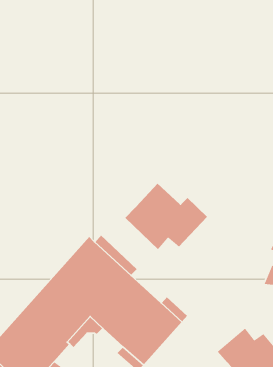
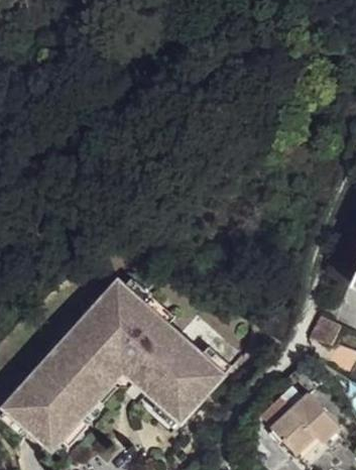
building: [124,183,208,250] -> none

